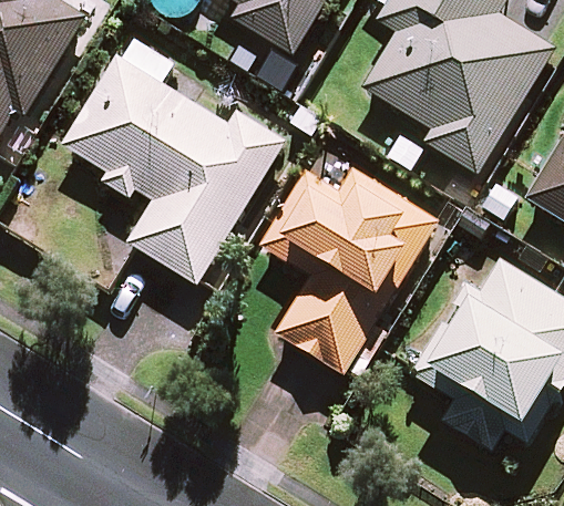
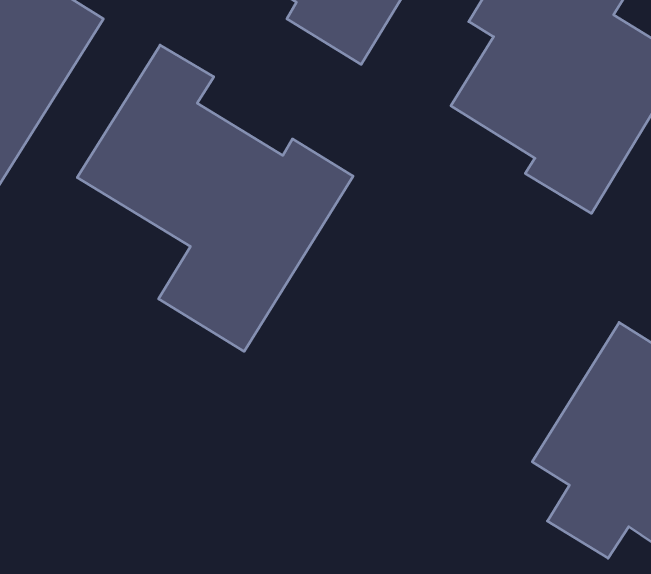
building: [273,166,439,373] -> none

